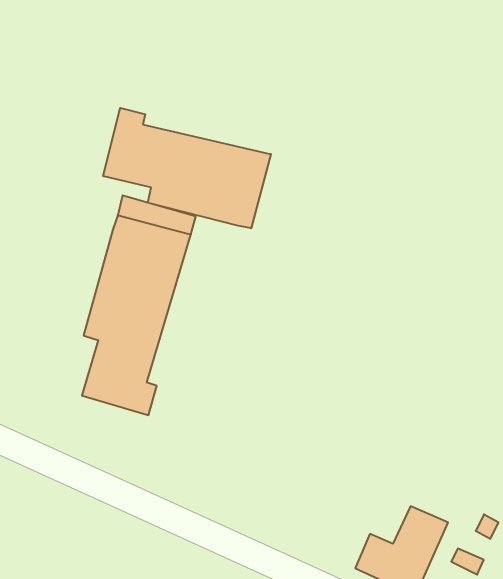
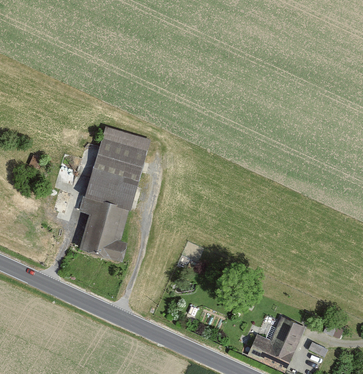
building: [103,108,271,228] -> none

